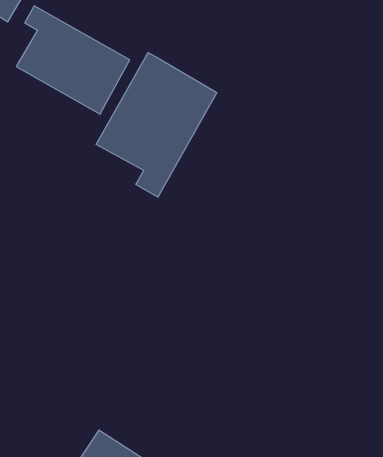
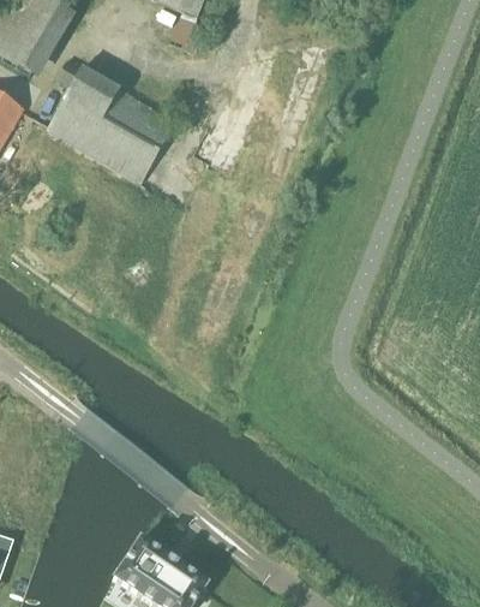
building: [96,53,217,197] -> none

